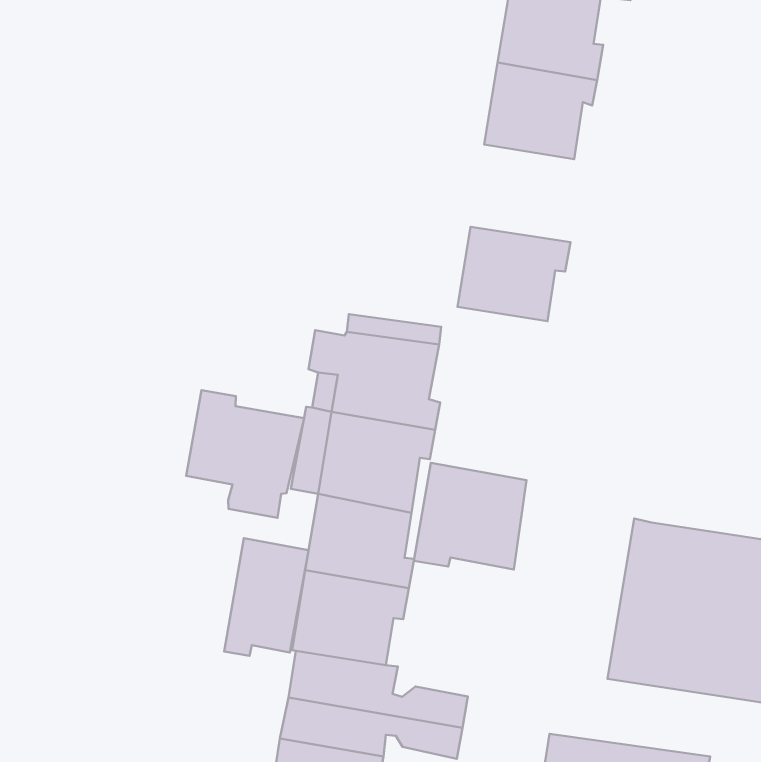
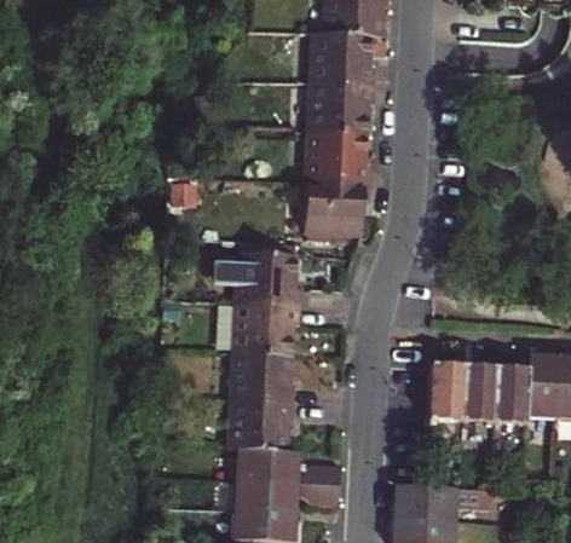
building: none -> [307,131,370,184]
building: [186,390,304,518] -> none
building: [414,463,526,570] -> none
building: [224,538,309,656] -> none

